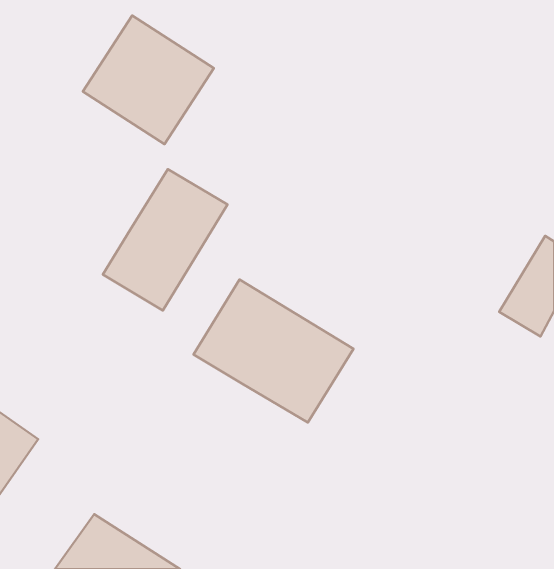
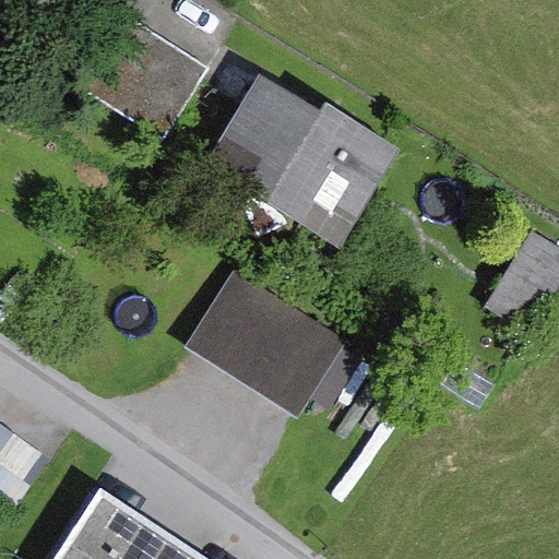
building: none -> [213,78,404,245]
building: [103,169,227,311] -> none

